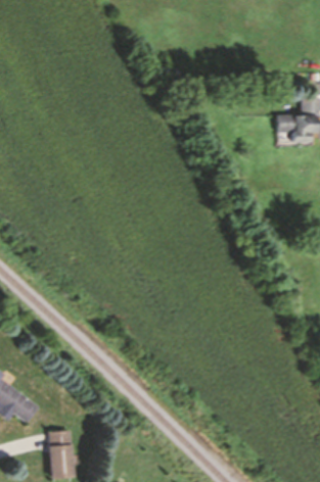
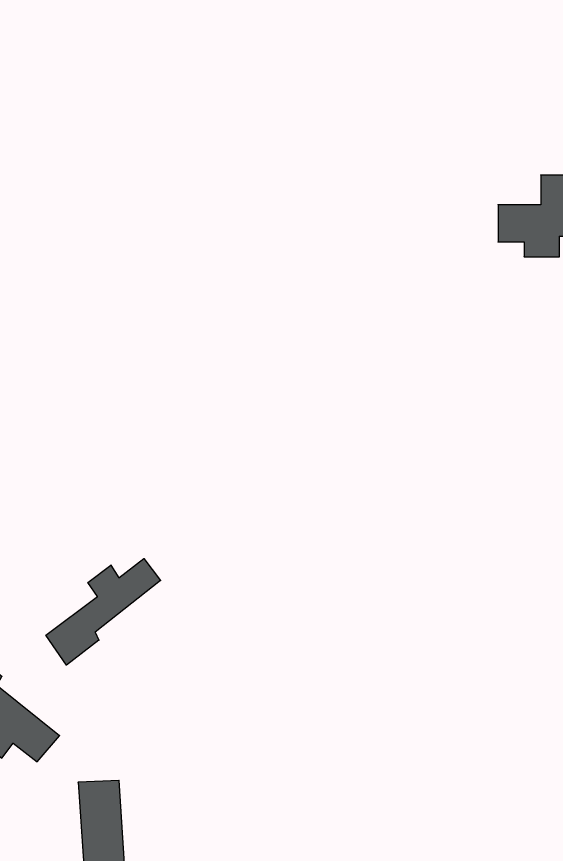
building: none -> [46,559,161,665]

